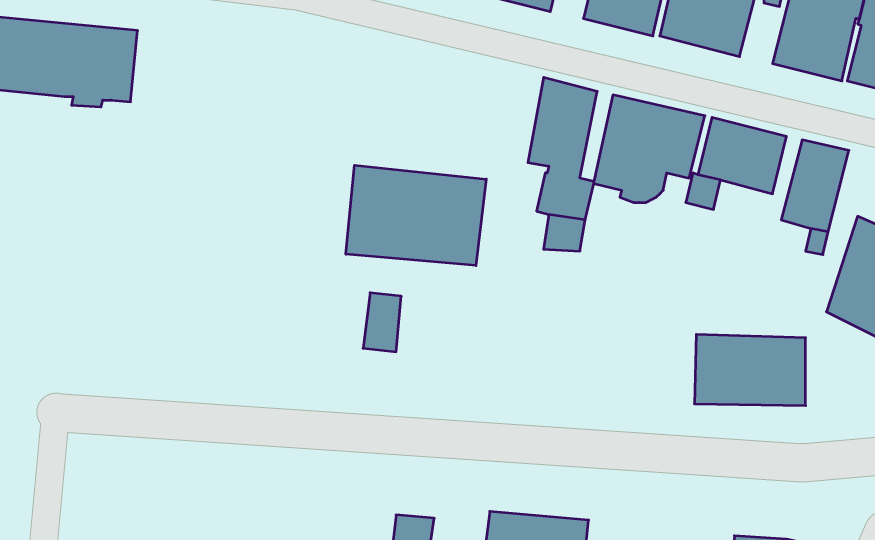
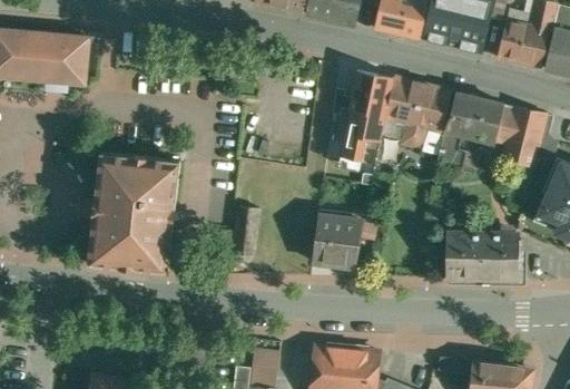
building: [346,165,486,266] -> none
building: none -> [87,153,180,271]
building: none -> [312,215,364,266]

